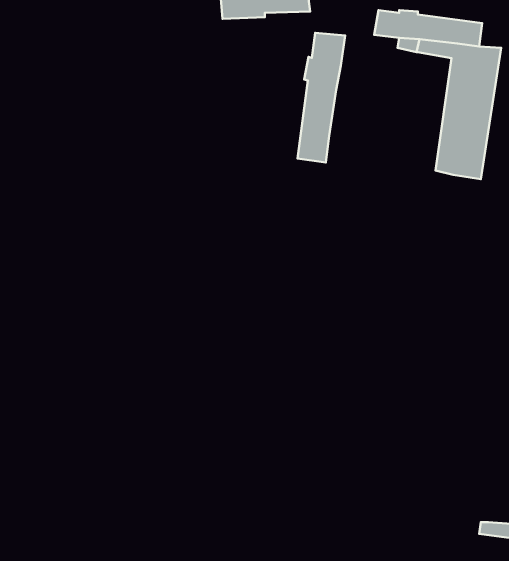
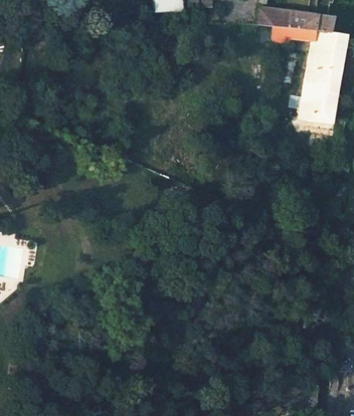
building: [298,33,345,163] -> none

